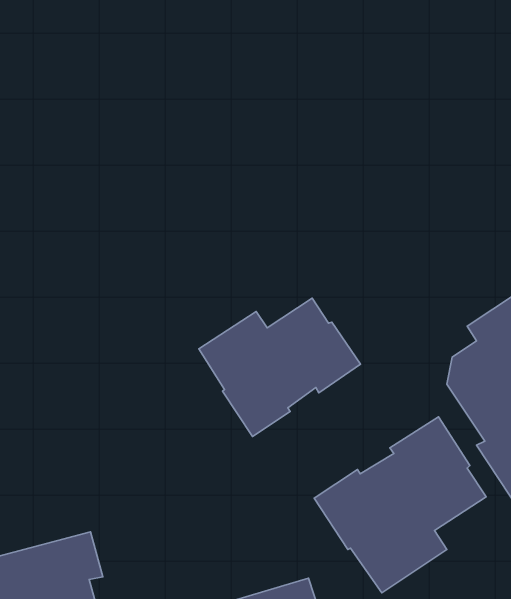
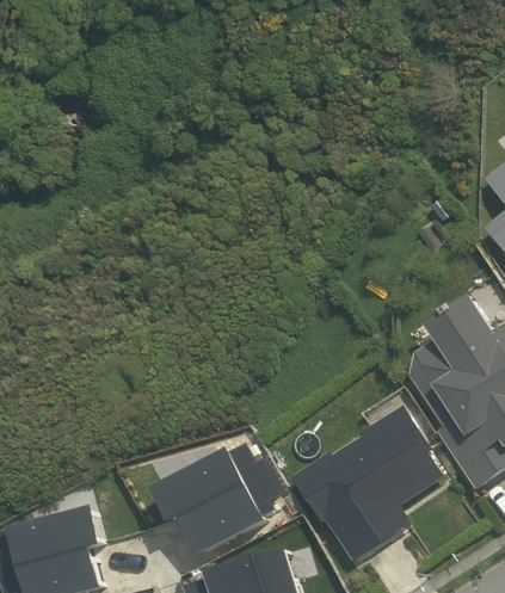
building: [199,298,360,437] -> none
building: none -> [156,443,281,555]

